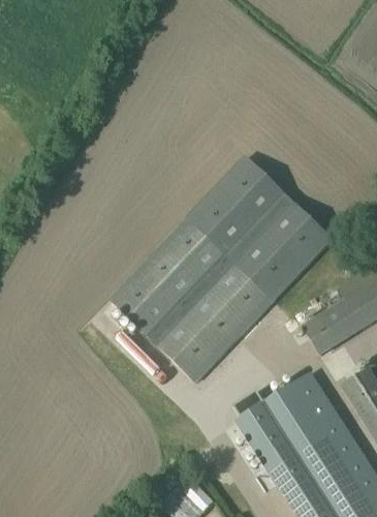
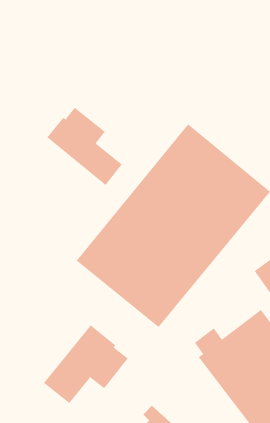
building: none -> [47,107,123,186]
building: none -> [43,324,128,404]

